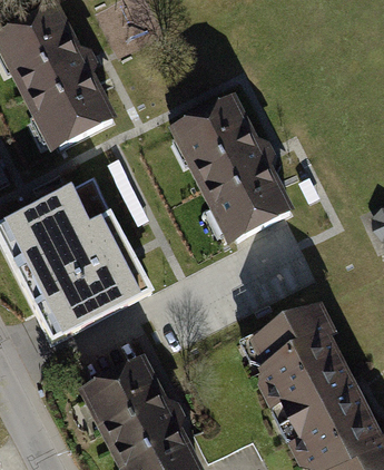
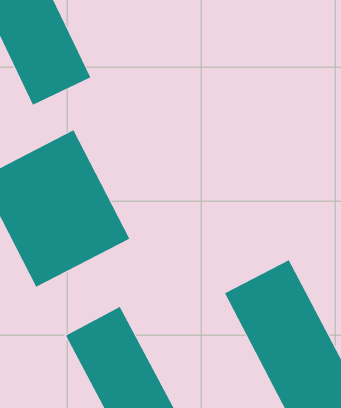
building: [170,94,295,245] -> none

